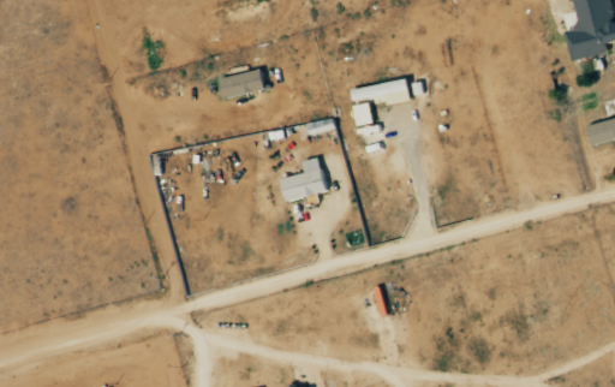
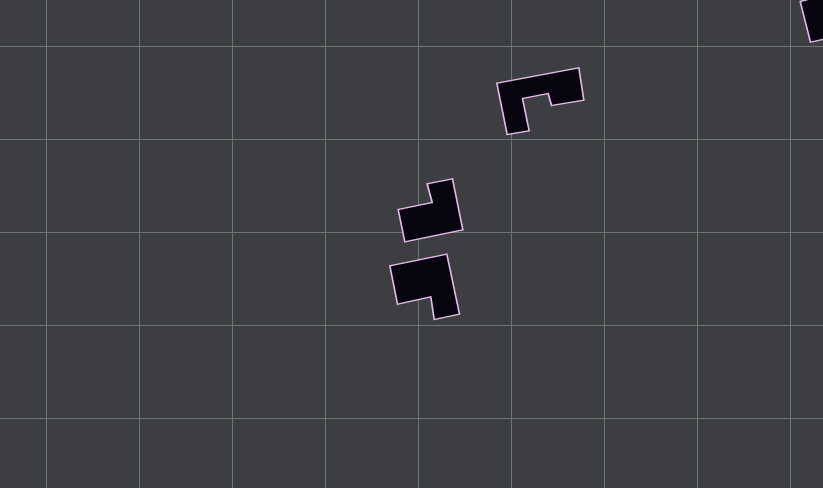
building: [221,69,267,100] -> none
building: none -> [390,254,459,320]

